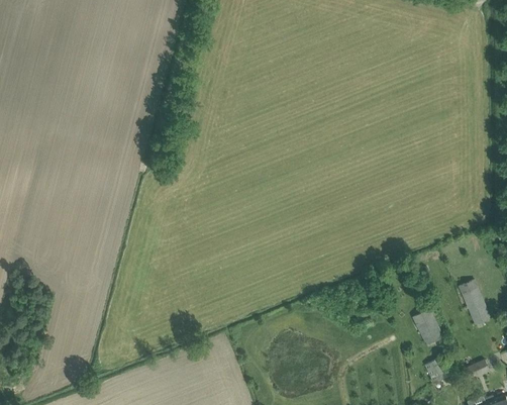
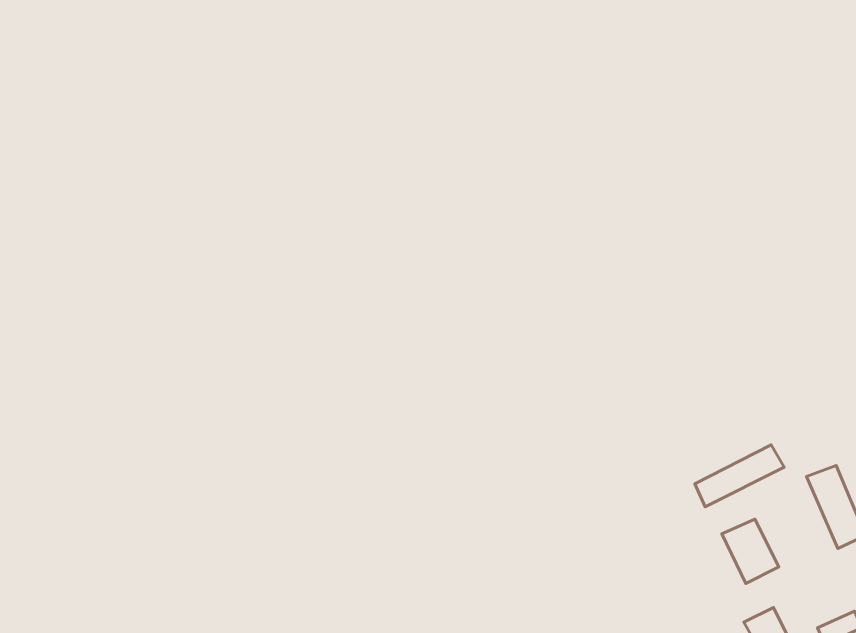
building: none -> [695,445,784,507]

